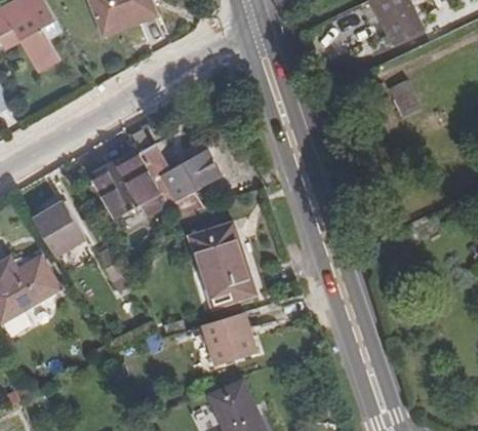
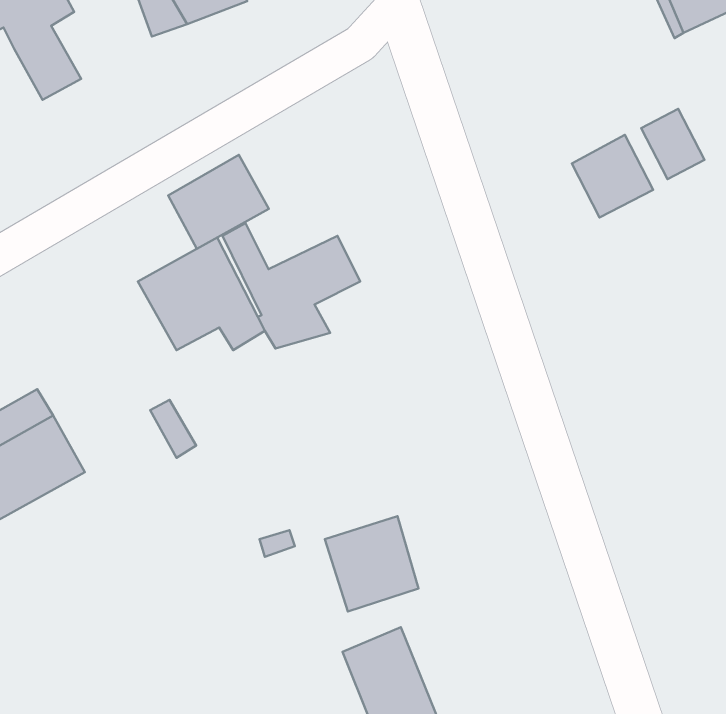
building: none -> [572,135,653,218]
building: none -> [168,155,269,249]
building: [35,199,85,253] -> none
building: [189,225,253,309] -> none

